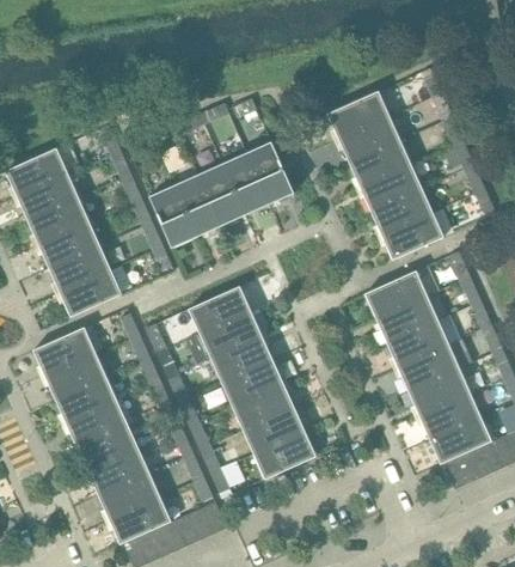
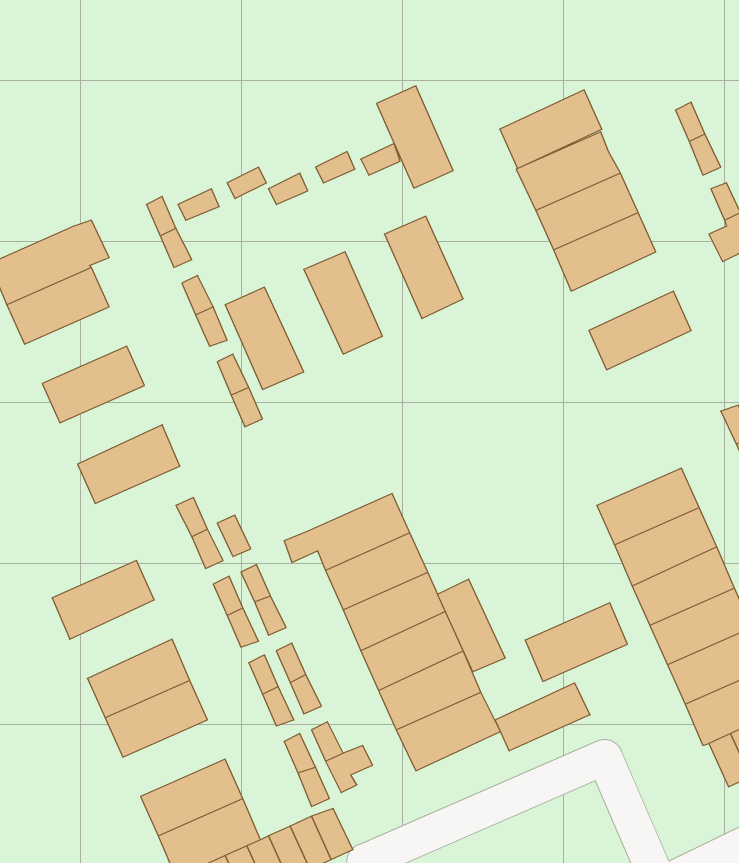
building: [222,152,269,214] -> [377,86,453,188]
building: [360,163,422,211] -> [500,90,602,169]
building: [173,173,221,236] -> none
building: [27,196,90,243] -> none
building: [381,211,443,260] -> none
building: [49,244,111,292] -> none
building: [364,269,427,317] -> [525,603,627,681]
building: [189,285,251,333] -> none
building: [33,327,96,373] -> none
building: none -> [437,579,505,672]
building: [55,374,117,422] -> none
building: none -> [495,683,590,751]
building: [87,447,149,494] -> none

